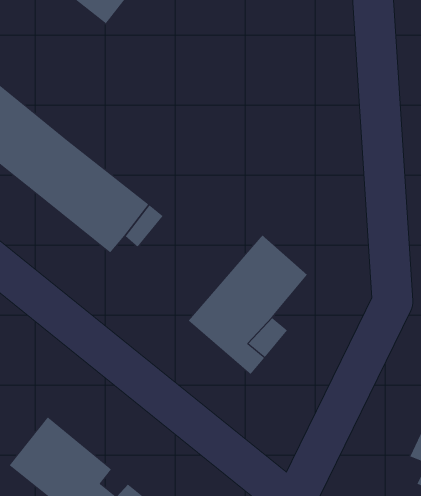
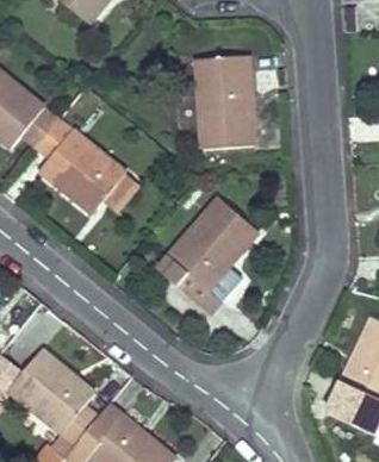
building: none -> [195,54,254,148]

